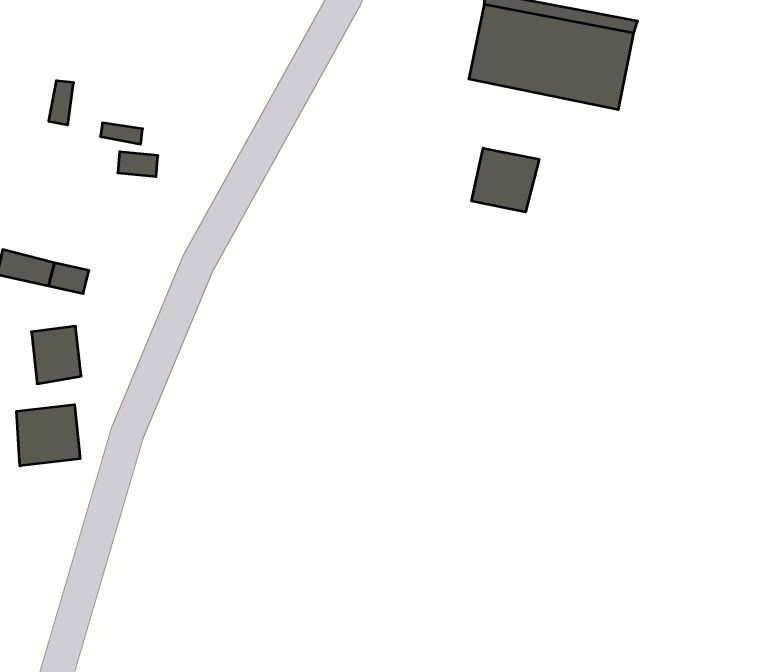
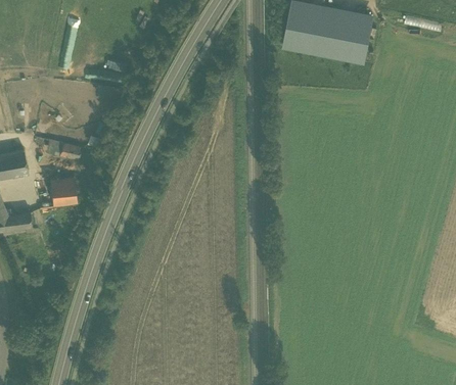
building: [472,148,539,212] -> none
building: [17,405,80,466] -> none

